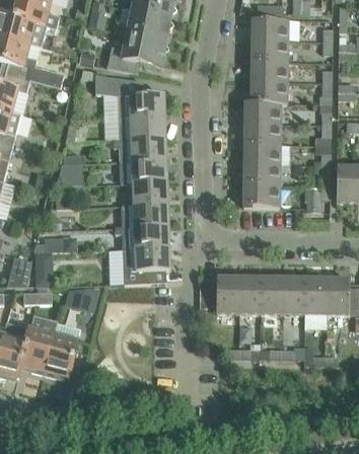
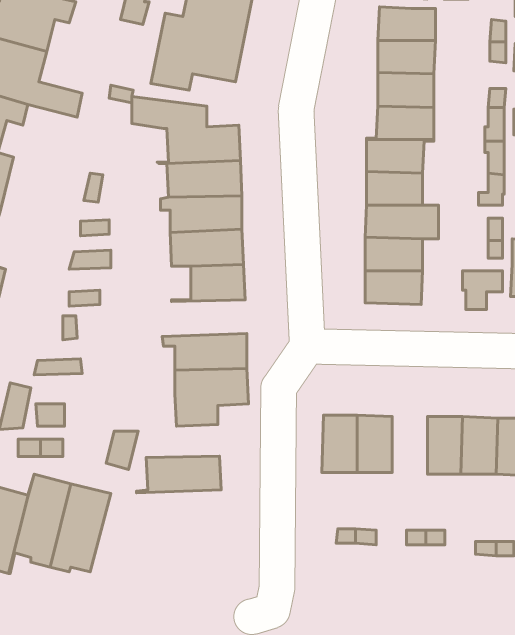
building: [115,204,168,227] -> [137,456,221,493]
building: [261,278,283,314] -> none

